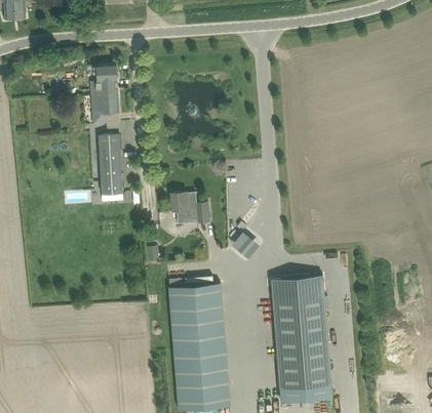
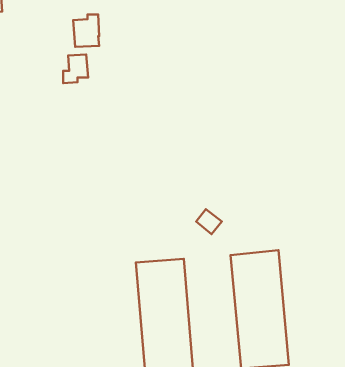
building: [90,90,118,125] -> [73,14,99,47]
building: [97,136,122,203] -> none
building: [169,193,209,225] -> none

